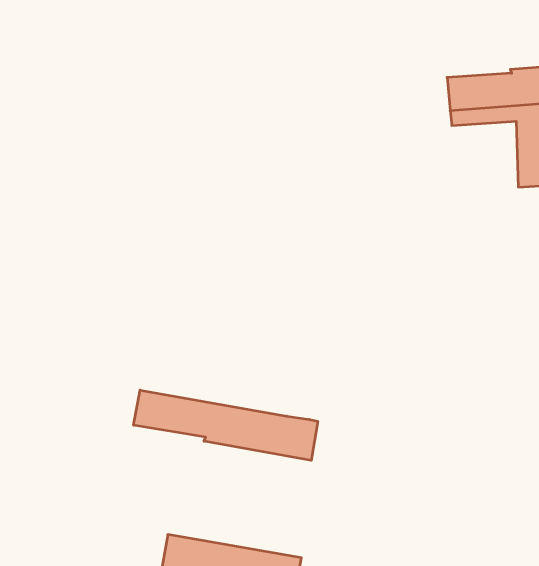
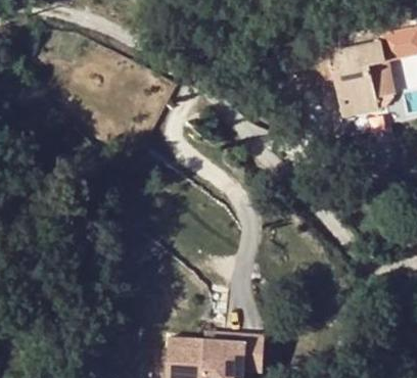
building: [134,390,318,460] -> none

